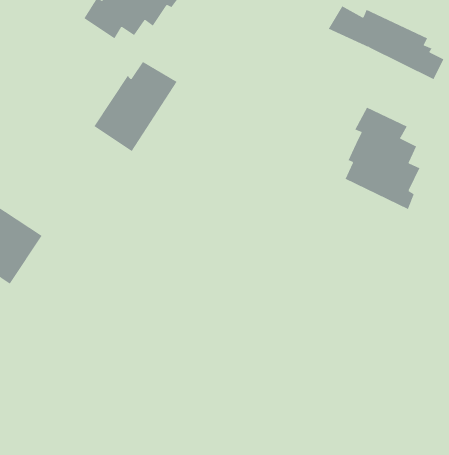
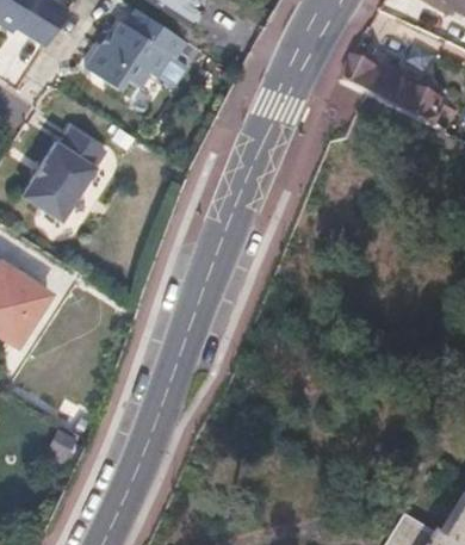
building: [94,61,177,152] -> [24,128,110,221]
building: [345,107,420,210] -> none

